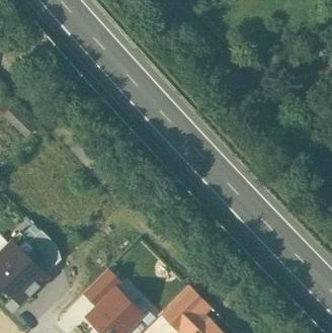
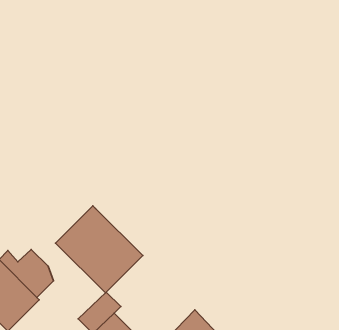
building: none -> [56,206,143,293]

